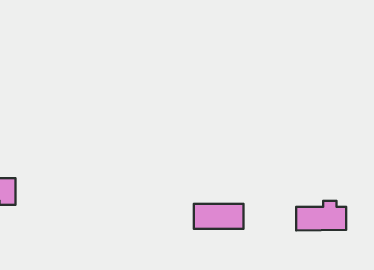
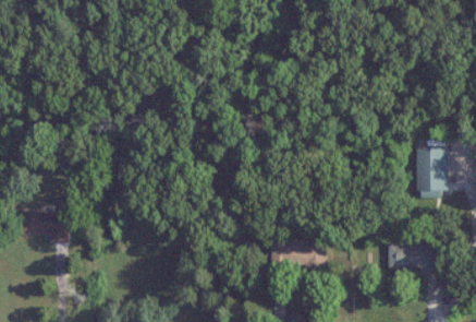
building: none -> [415,150,444,193]

